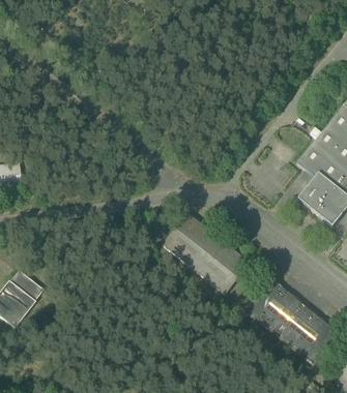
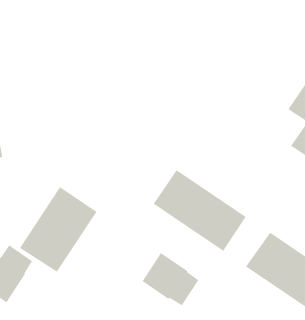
building: none -> [19,186,98,273]
building: none -> [142,252,199,306]

